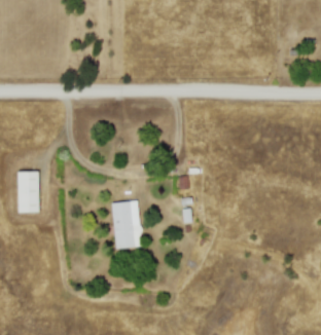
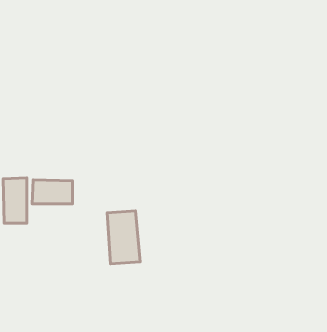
building: none -> [32,180,73,204]

